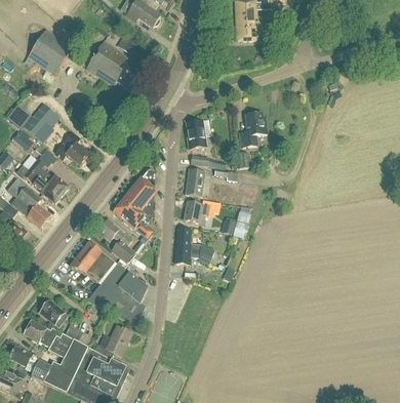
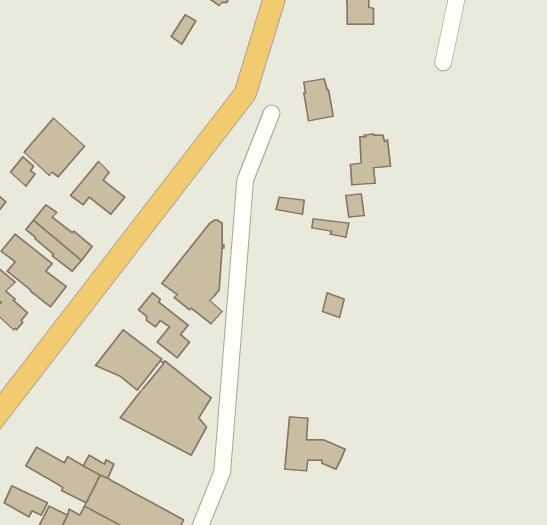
building: [27,28,73,73] -> none
building: [85,39,142,89] -> none
building: [186,119,205,147] -> [304,79,333,121]
building: [185,167,203,195] -> none
building: [183,199,210,221] -> none
building: [174,227,214,263] -> [285,417,345,471]
building: [39,298,68,325] -> none
building: [94,324,132,357] -> none

